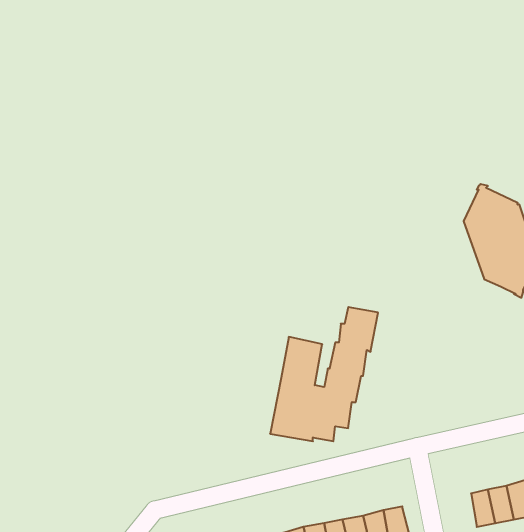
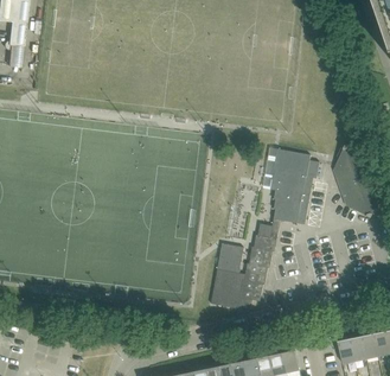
building: none -> [273,148,319,222]

